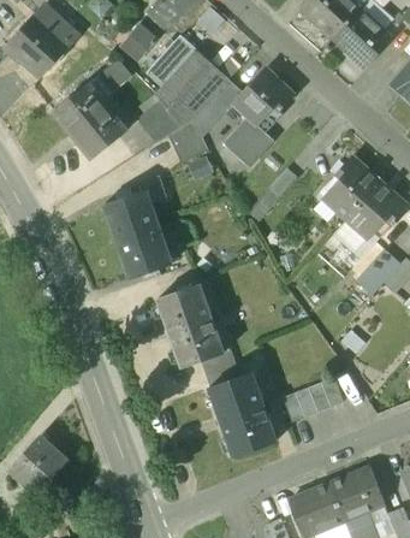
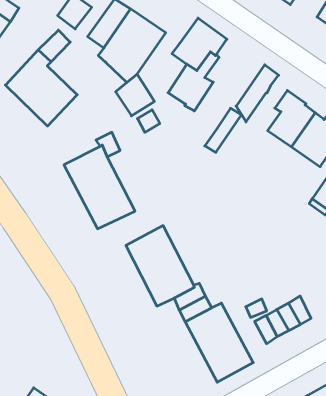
building: [194,79,243,137] -> [236,65,279,122]
building: [138,102,182,142] -> none

